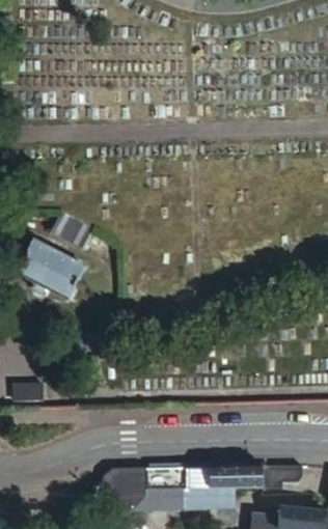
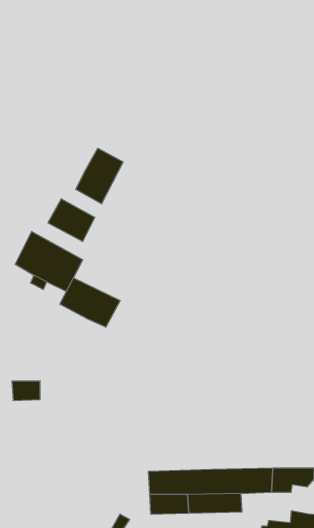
building: none -> [76,148,123,204]
building: none -> [60,278,120,327]
building: [100,469,148,510] -> none

